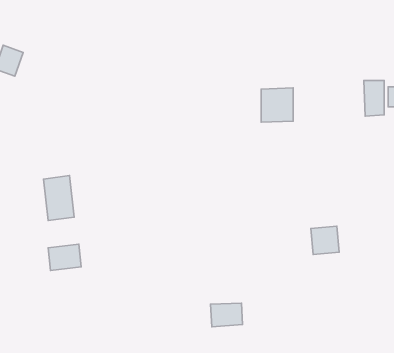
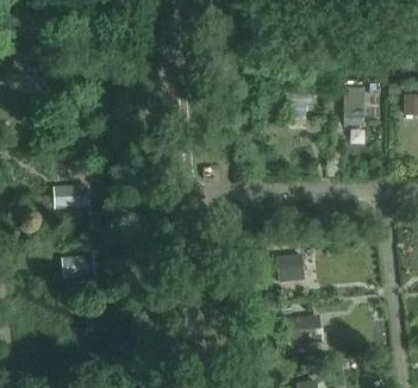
building: [364,81,384,116] -> [343,92,363,127]
building: [311,226,339,254] -> [276,252,305,281]
building: [211,303,243,327] -> [287,317,319,340]

